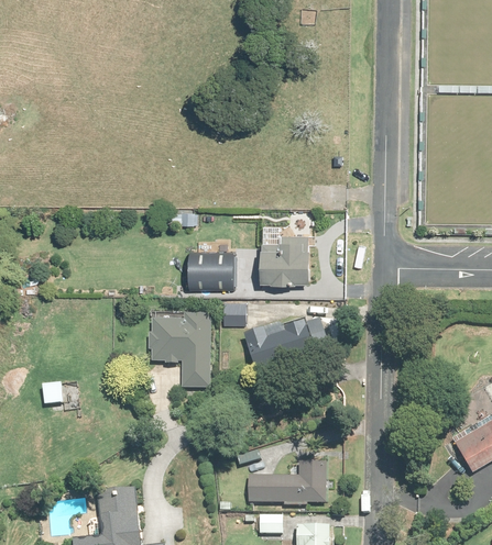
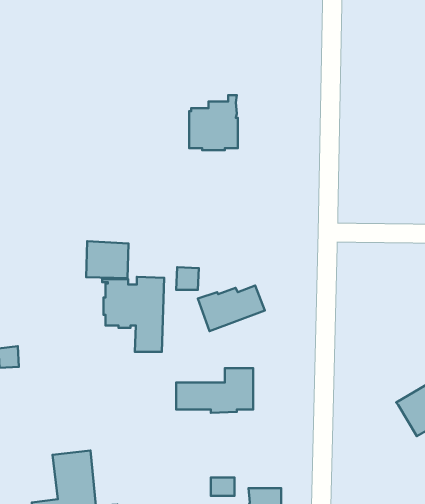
building: [262,227,311,283] -> [189,95,238,150]
building: [192,251,234,288] -> [86,241,129,278]
building: [249,460,327,505] -> [176,368,253,413]

